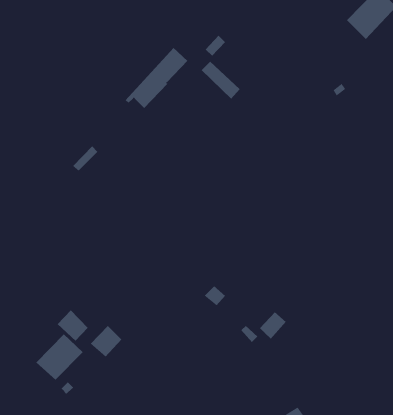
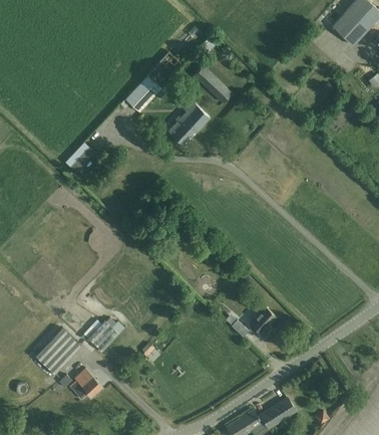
building: none -> [168,96,210,145]
building: [57,310,89,341] -> none
building: none -> [74,368,102,396]

